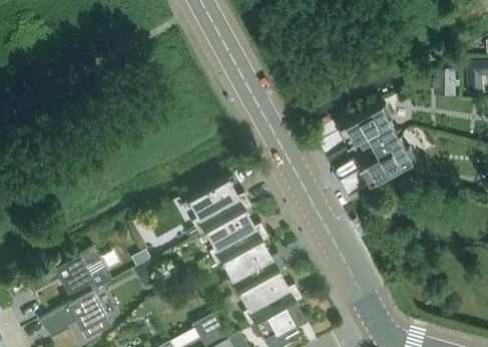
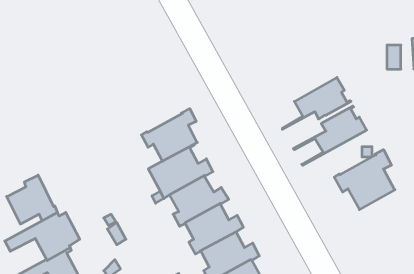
building: none -> [141,109,197,161]
building: none -> [334,150,395,210]
building: none -> [7,175,57,224]

